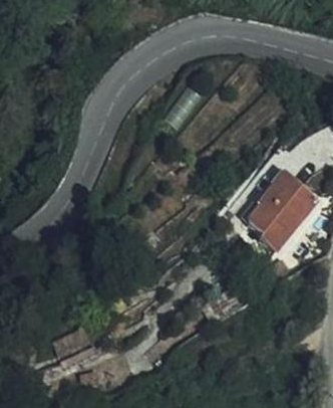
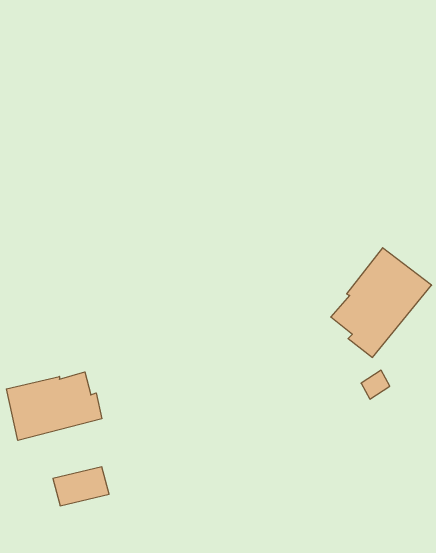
building: none -> [6,372,102,440]

